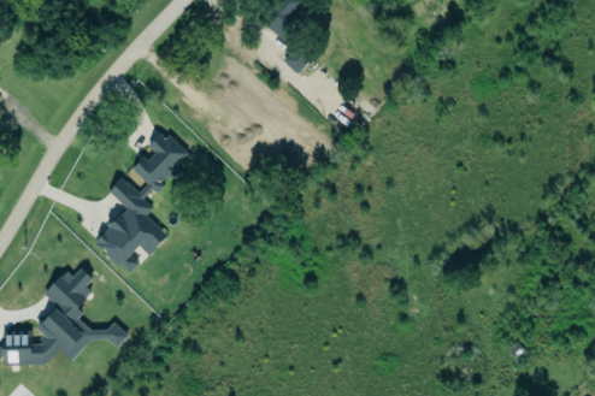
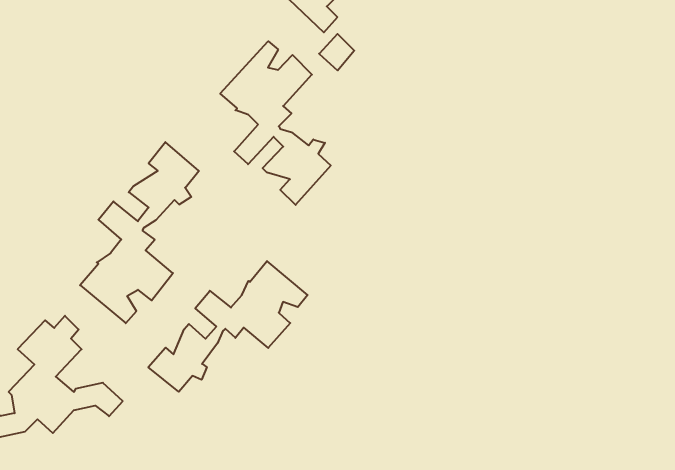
building: none -> [220,41,331,205]
building: none -> [148,261,308,392]

